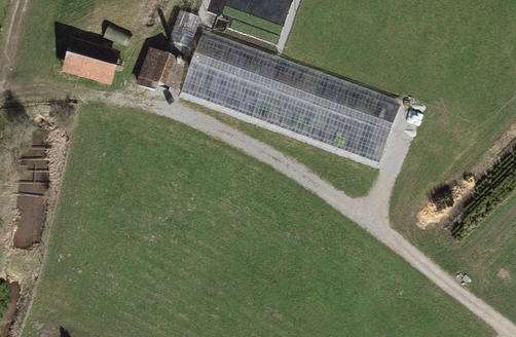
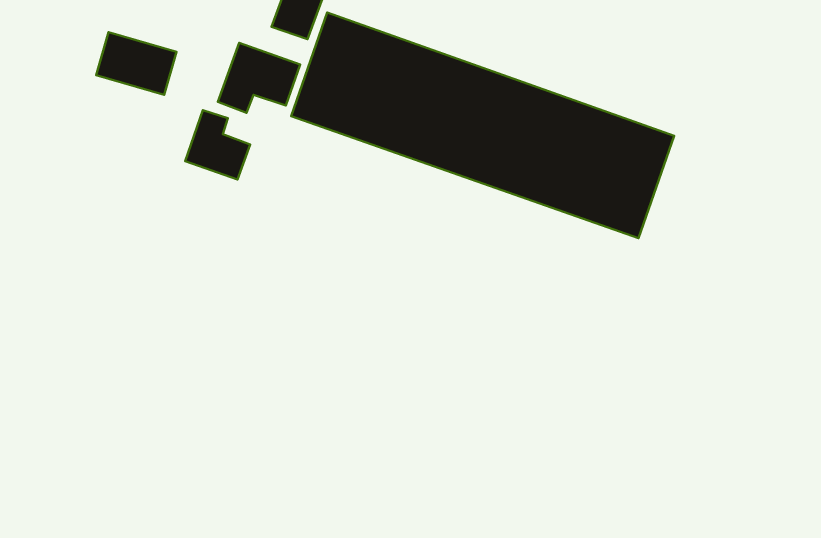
building: none -> [185,110,250,180]

